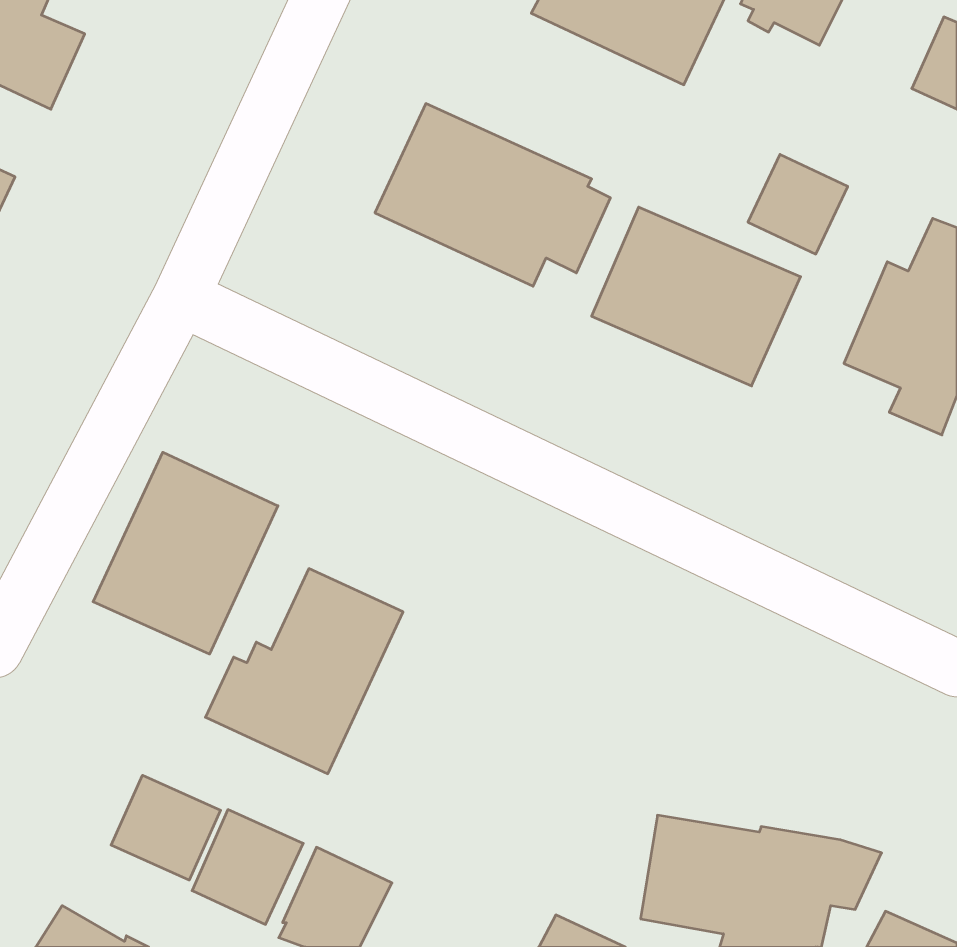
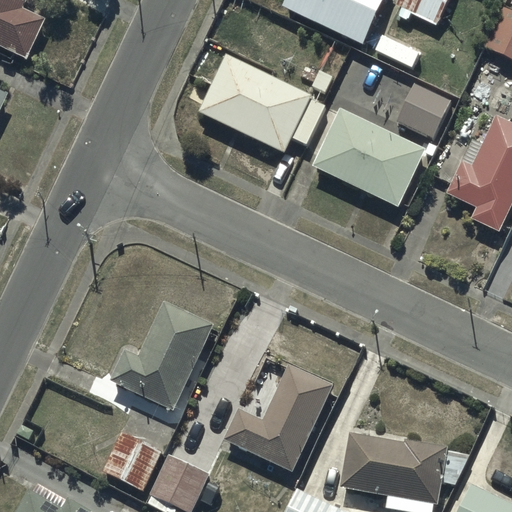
building: [93,452,278,654] -> none
building: none -> [223,363,332,472]
building: [111,775,221,880] -> none

